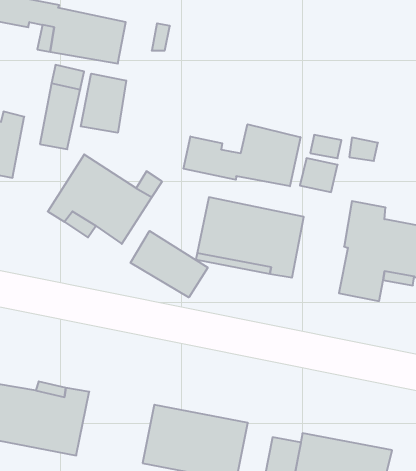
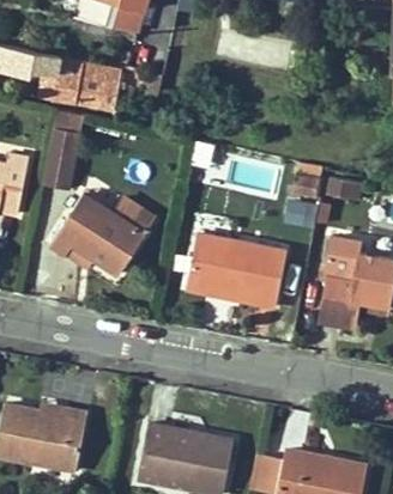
building: [81,74,126,133] -> none
building: [184,124,300,186] -> none
building: [131,231,208,297] -> none

